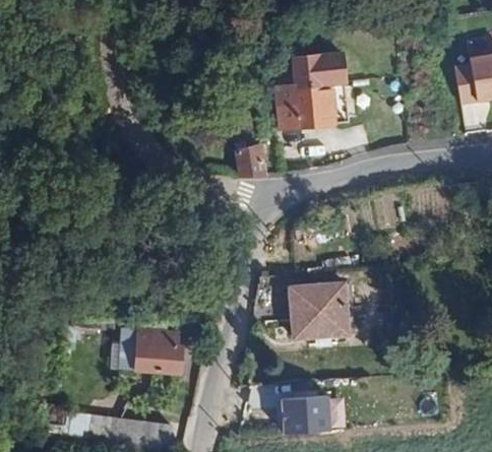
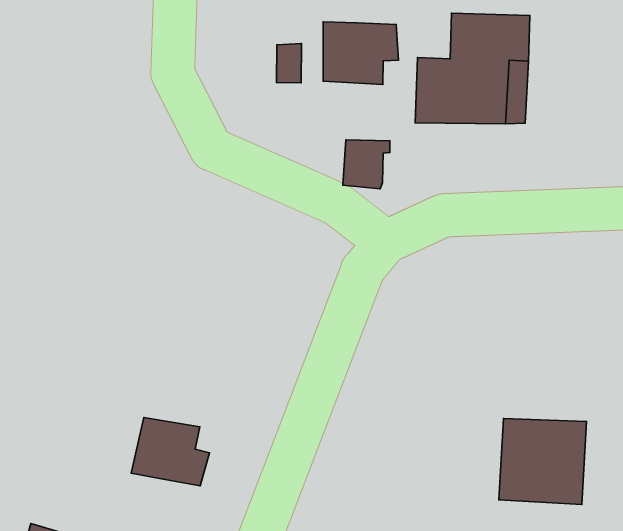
building: none -> [323,22,398,84]
building: [289,283,345,339] -> [499,418,587,505]

